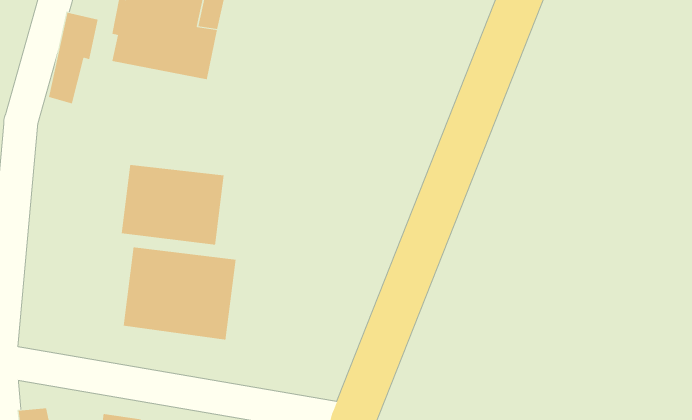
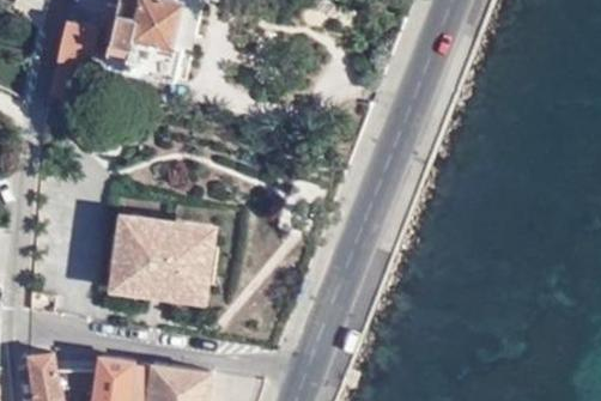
building: [121,164,224,246] -> none

